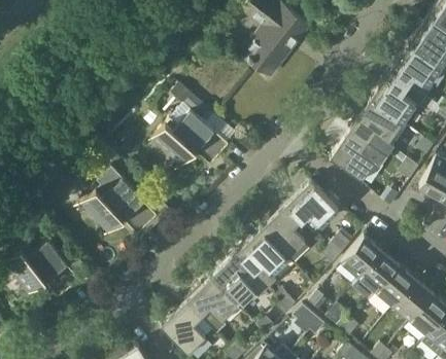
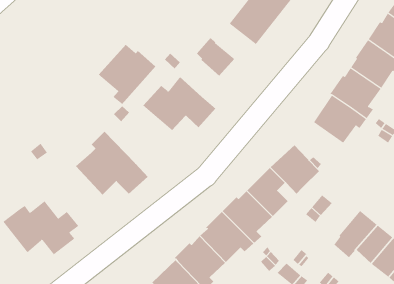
building: none -> [196,37,235,77]
building: none -> [98,44,156,105]
building: [342,239,380,279] -> none

